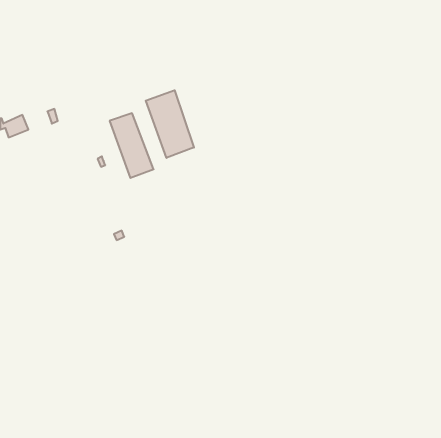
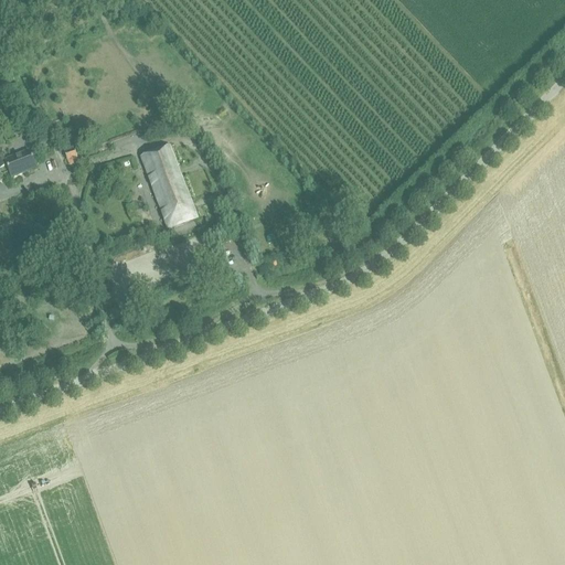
building: [146,90,194,158] -> none

